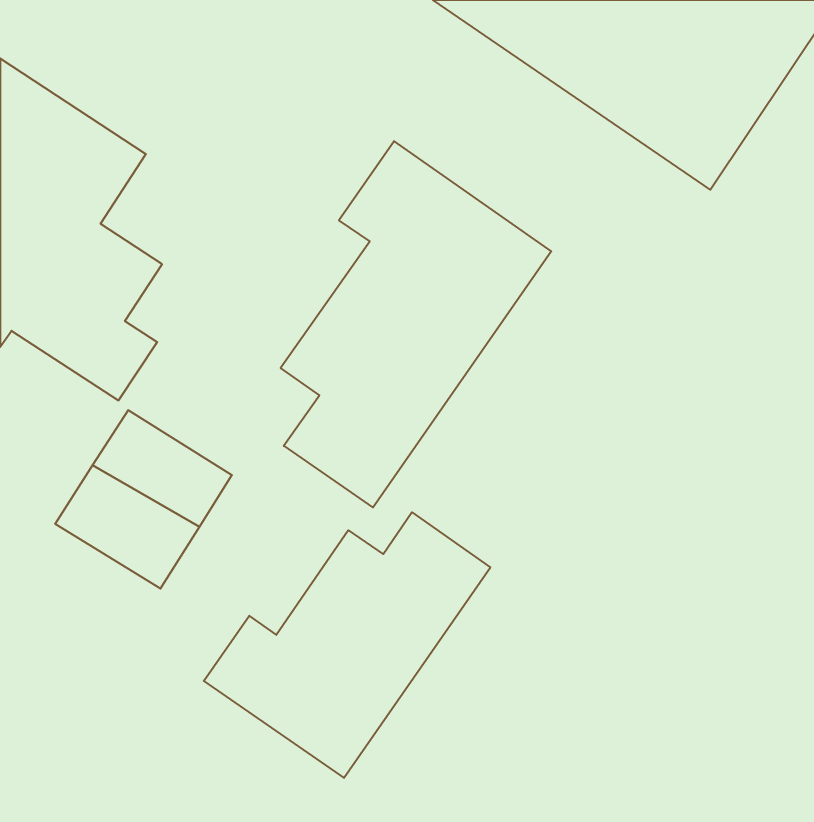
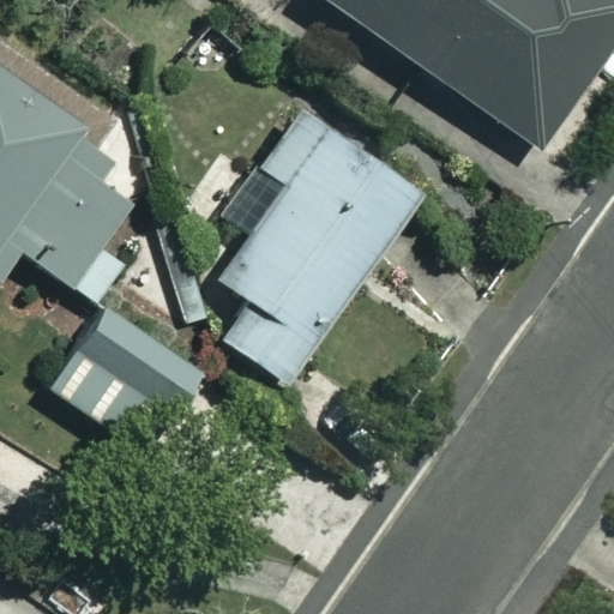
building: [204,512,490,778] -> none

